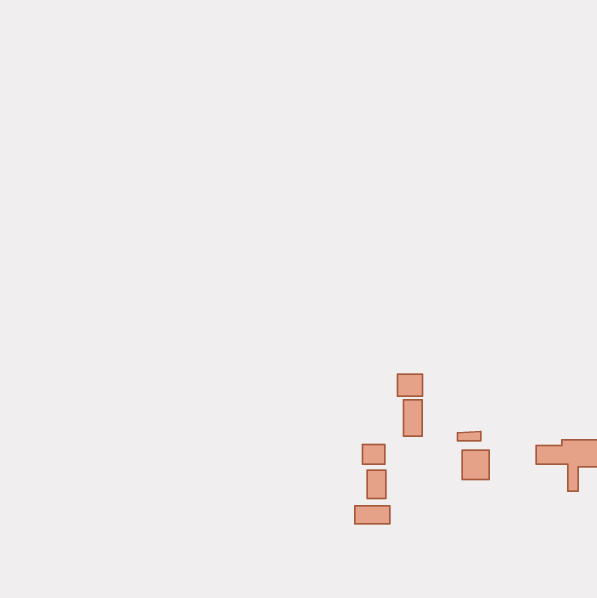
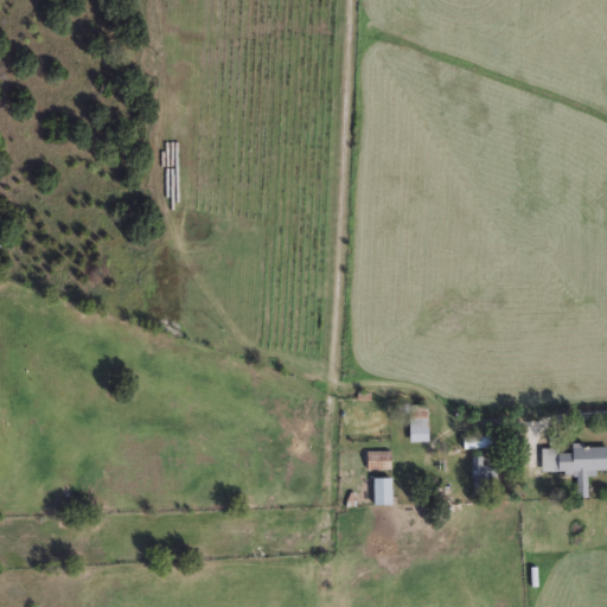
building: [398,374,423,396] -> none
building: [355,506,390,524] -> none

